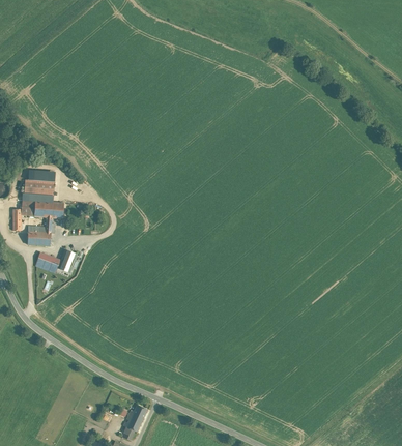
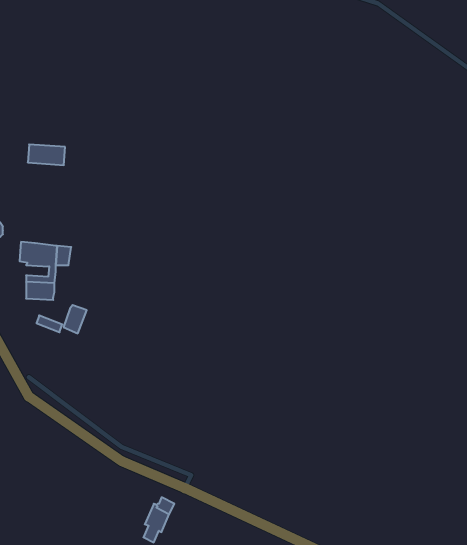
building: [23,178,53,195] -> [28,144,65,165]

